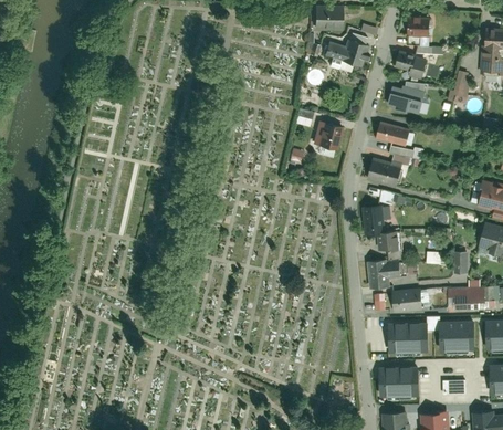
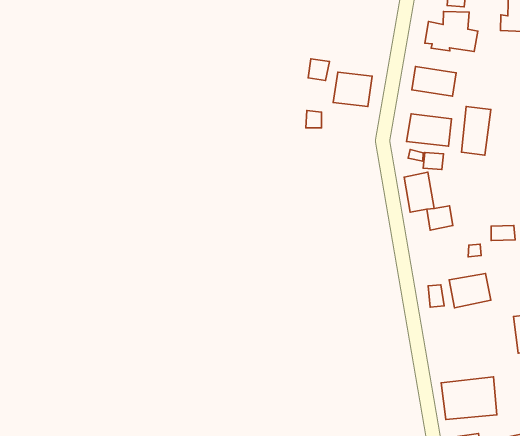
building: none -> [462,106,491,155]
building: [367,258,401,289] -> none
building: [388,325,428,354] -> none

